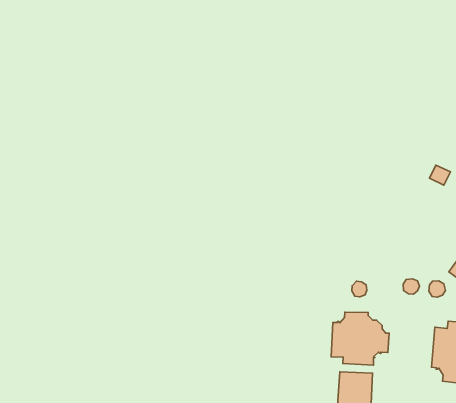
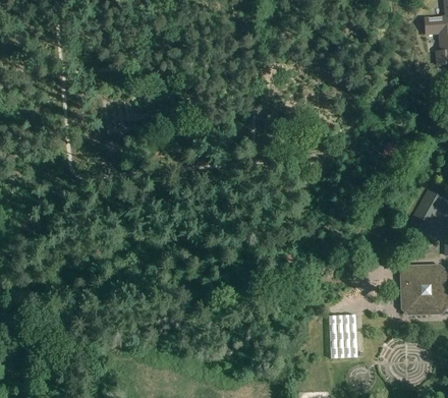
building: [331,312,389,365] -> none

